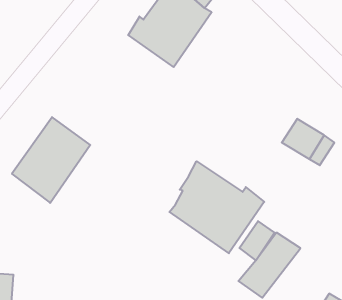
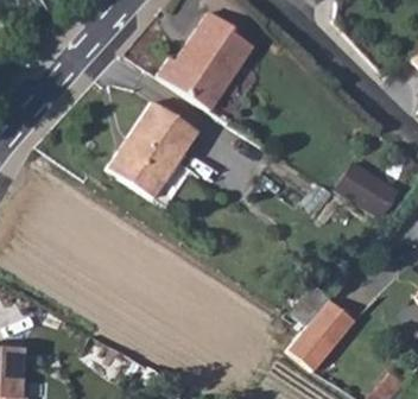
building: [12,117,90,203] -> [109,99,200,197]
building: [169,161,264,253] -> none

